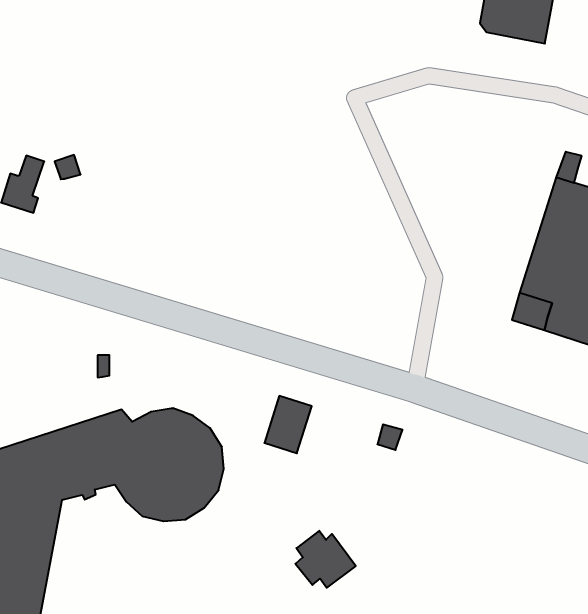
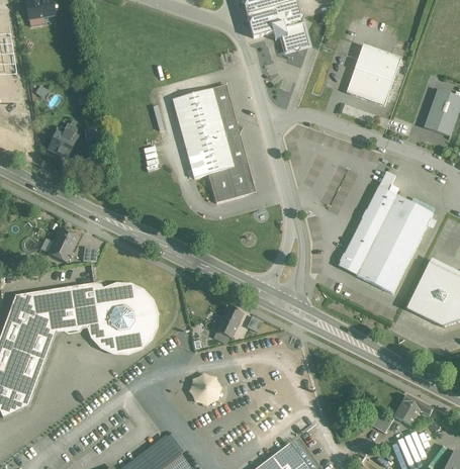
building: none -> [173,82,257,201]
building: none -> [48,226,79,262]
building: [264,396,312,453] -> [215,303,247,339]

